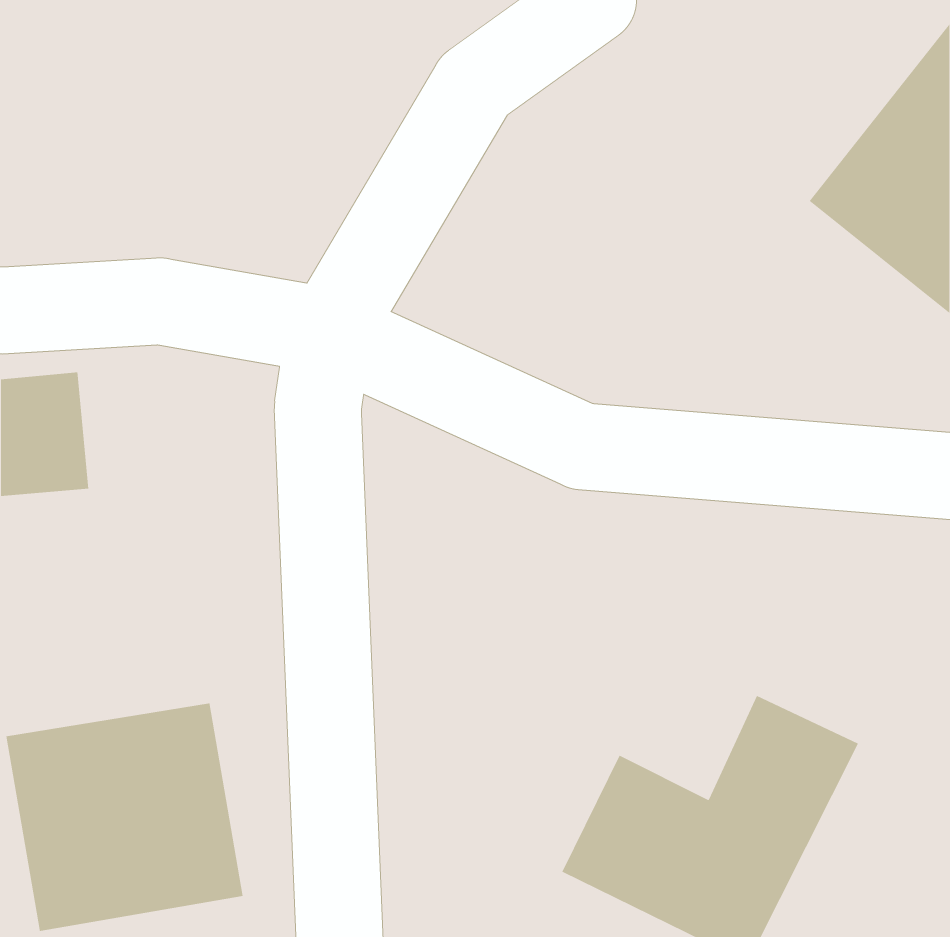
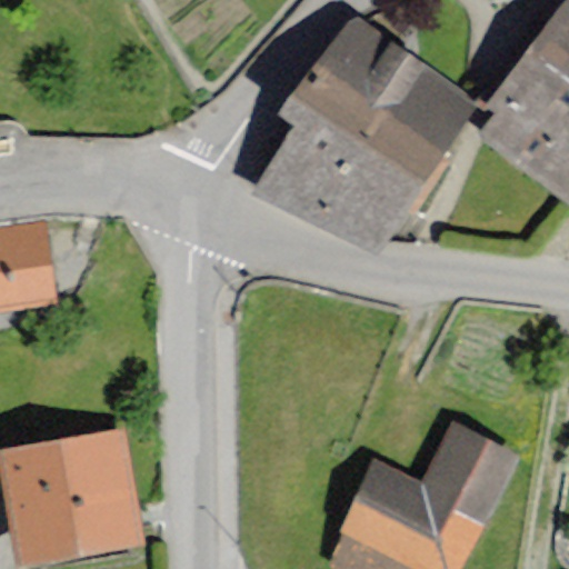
building: none -> [260,30,453,247]

